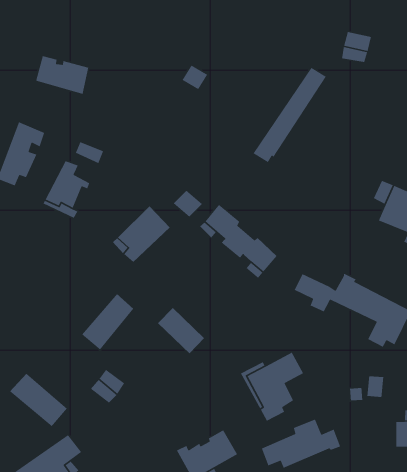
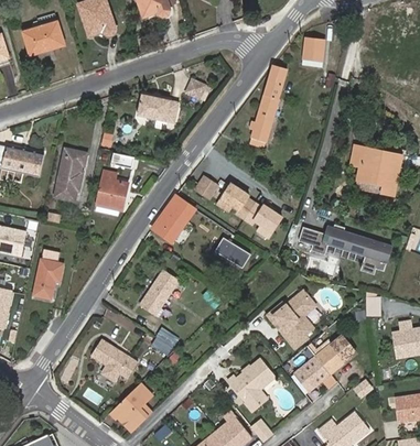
building: [35,55,89,95] -> [143,96,183,121]
building: [157,307,205,354] -> [211,236,249,270]

